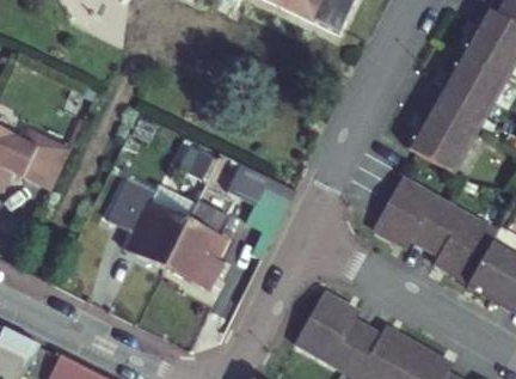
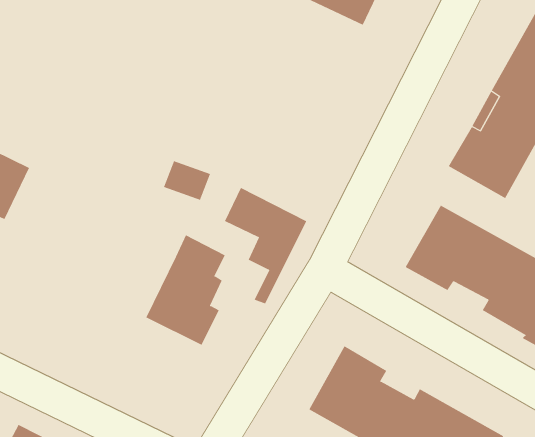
building: [108,178,188,269] -> none

